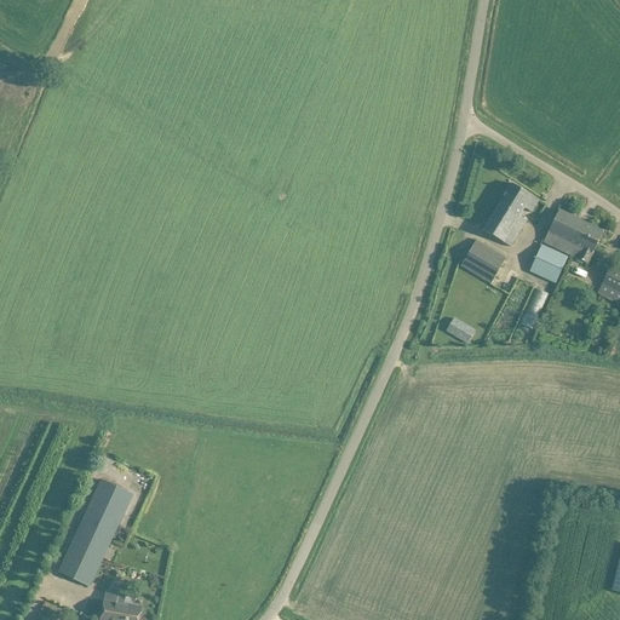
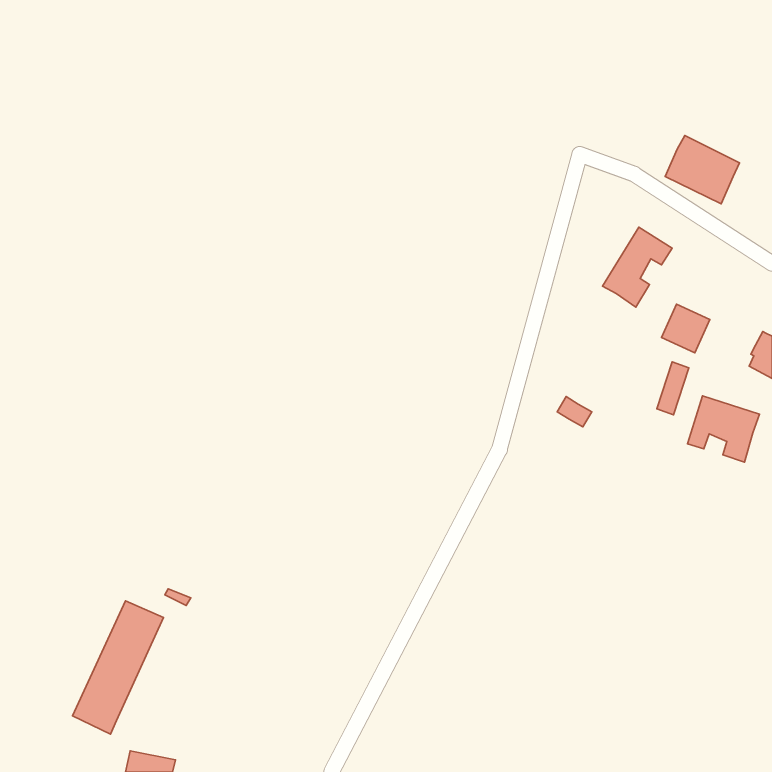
building: [542,208,602,263] -> [665,136,739,204]
building: [461,240,505,282] -> none
building: none -> [688,396,759,462]

